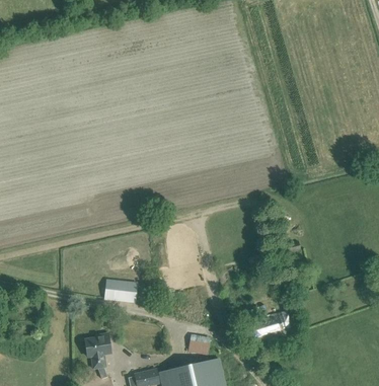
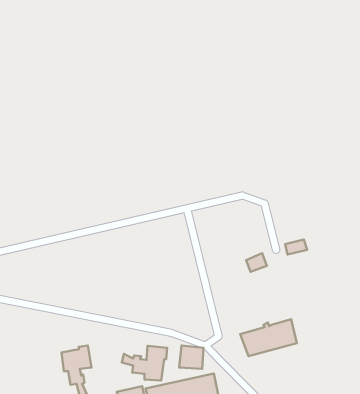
building: [103,280,136,301] -> none
building: none -> [122,346,167,381]

